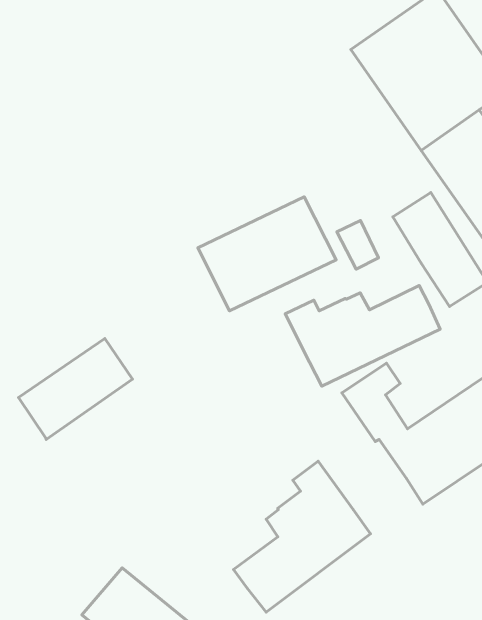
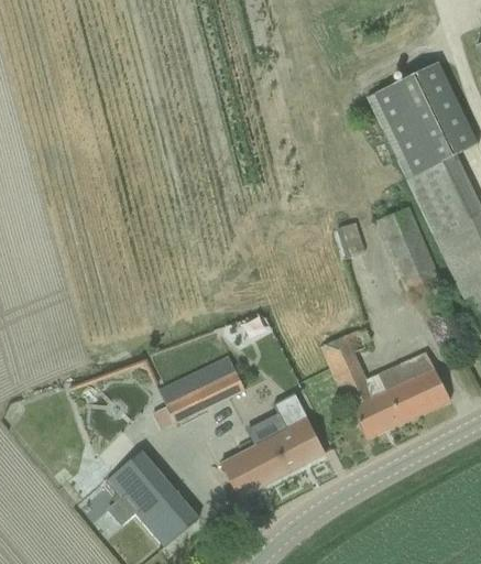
building: [198,197,336,311] -> none
building: [285,285,440,386] -> none
building: [18,339,132,440] -> [160,357,245,424]

